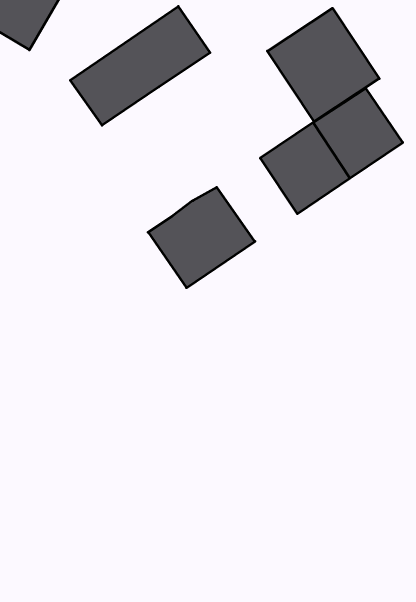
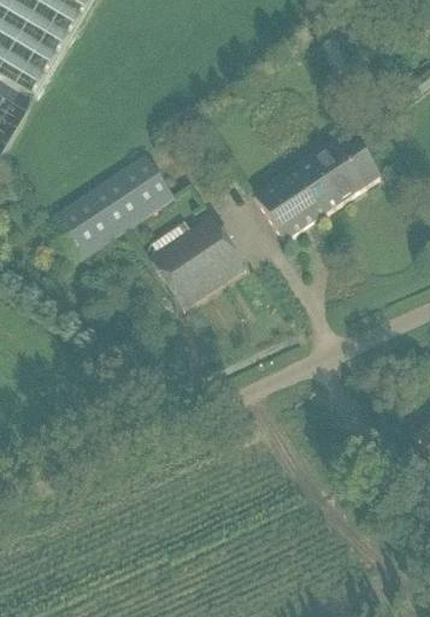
building: [70,6,210,125] -> [47,153,175,262]
building: [267,8,379,121] -> none

